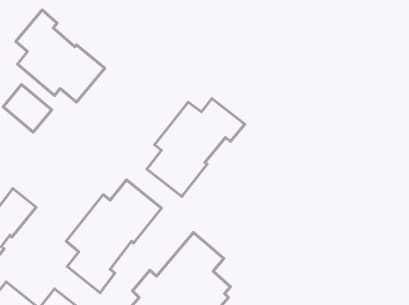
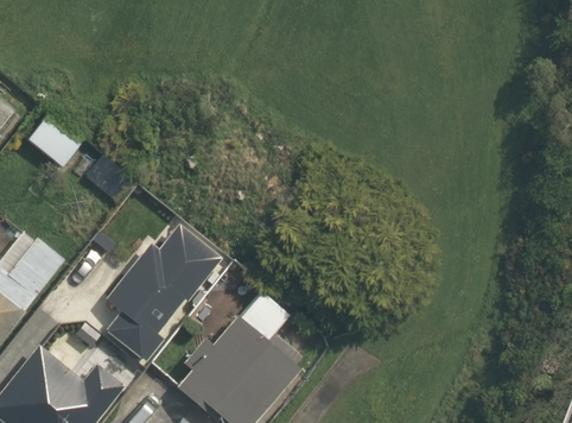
building: [16,10,105,102] -> none
building: [147,98,245,197] -> none

